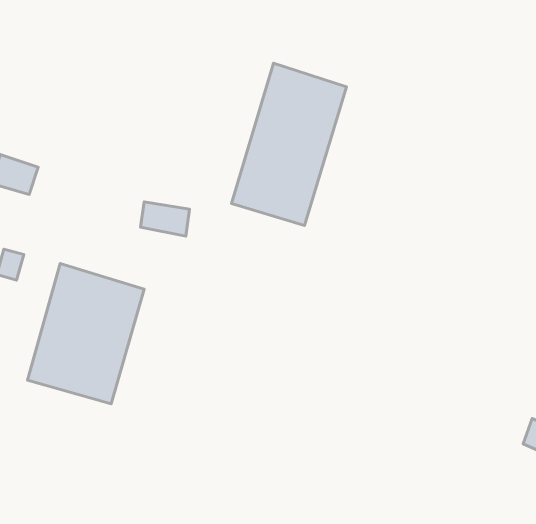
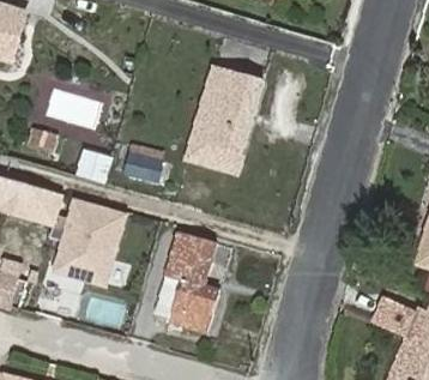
building: none -> [156,233,219,331]

